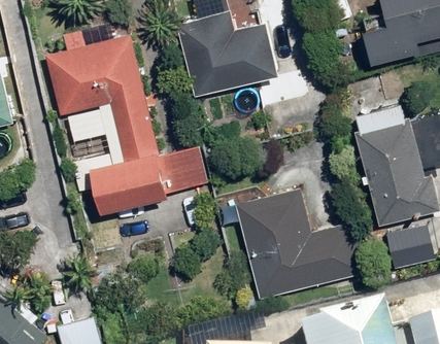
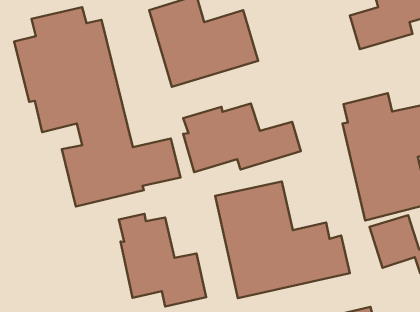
building: none -> [183,104,301,172]
building: none -> [119,214,206,307]

